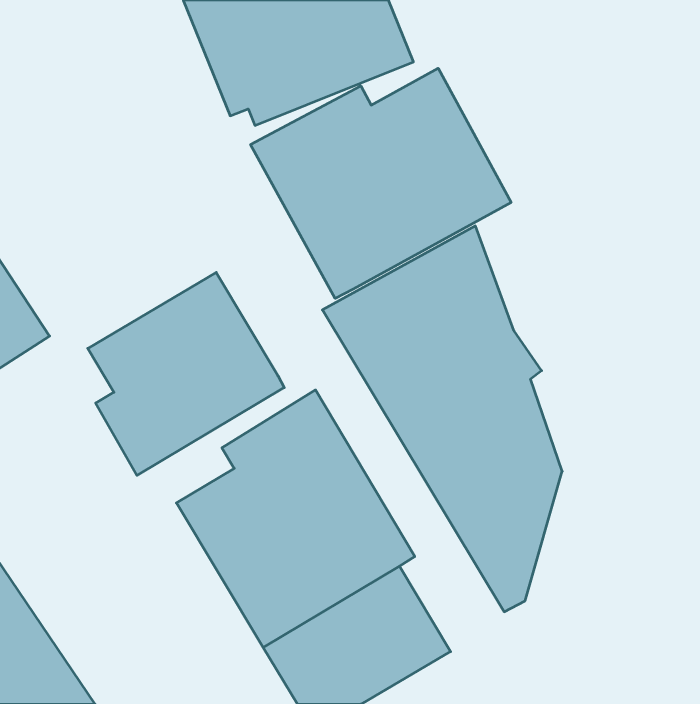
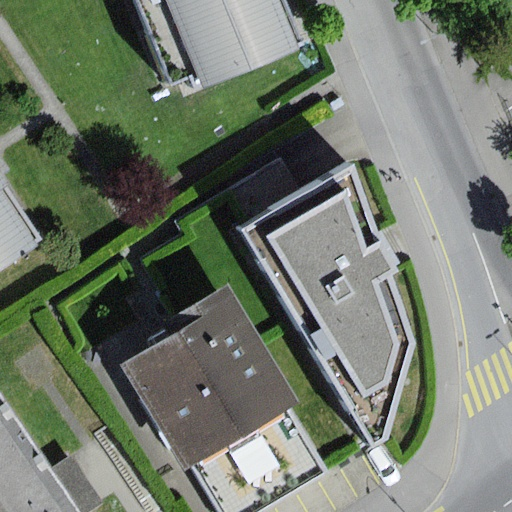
building: [251,68,511,298] -> none
building: [88,272,284,475] -> none

